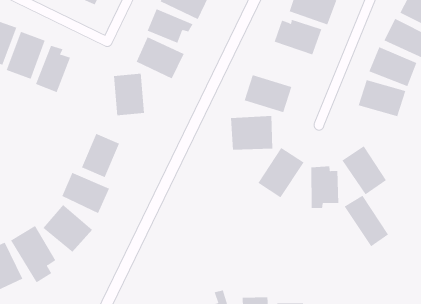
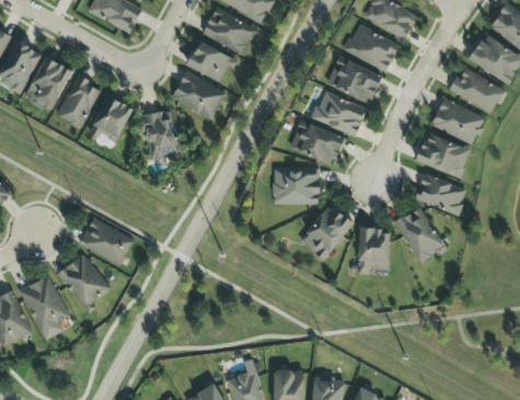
building: none -> [312,91,366,136]
building: none -> [415,174,466,215]
building: [81,133,120,178] -> [88,95,132,146]
building: [344,195,389,247] -> none

